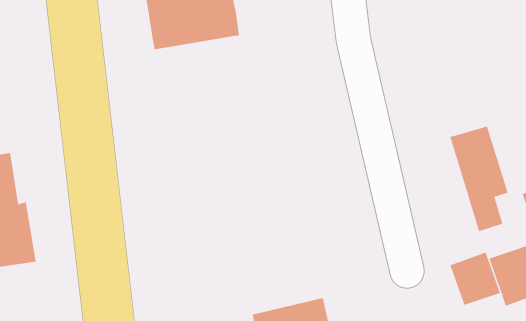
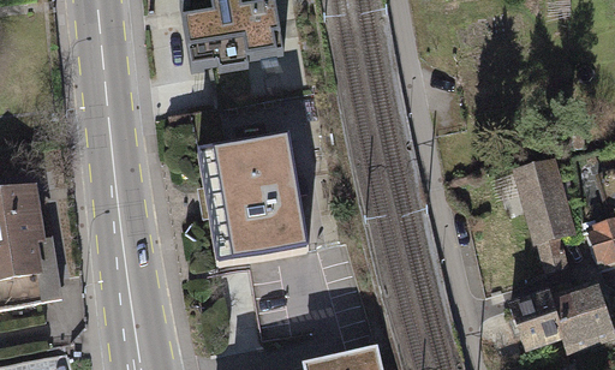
building: none -> [189,132,303,263]

